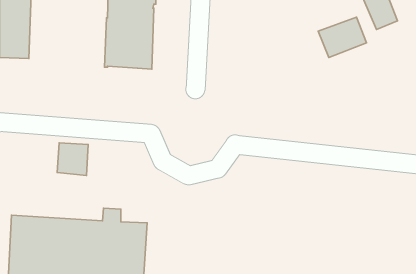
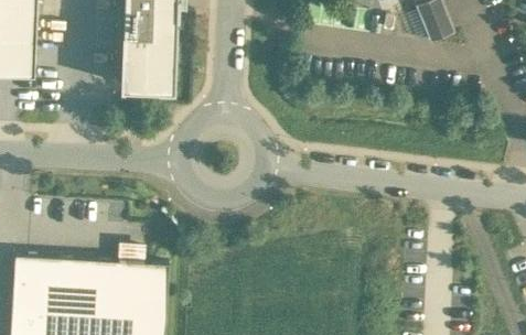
building: [318,17,366,58] -> none
building: [57,143,88,175] -> none

